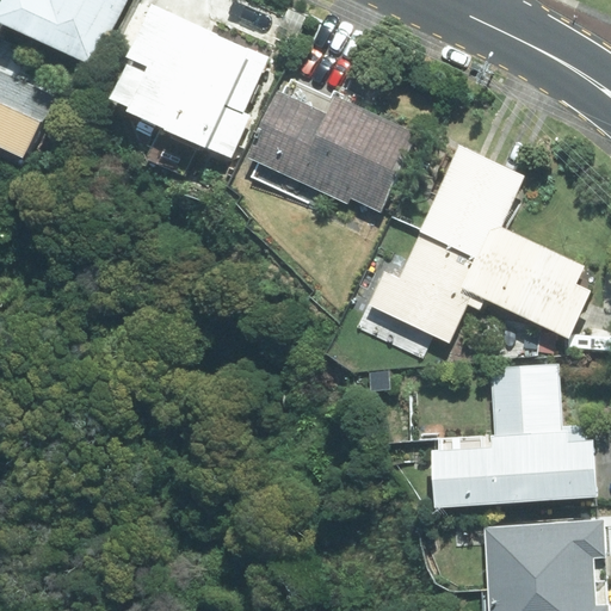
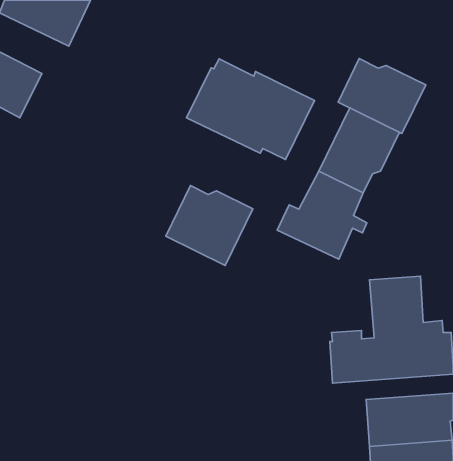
building: [111,7,267,155] -> none
building: none -> [338,59,426,133]
building: [465,228,592,335] -> none
building: none -> [166,186,253,266]

